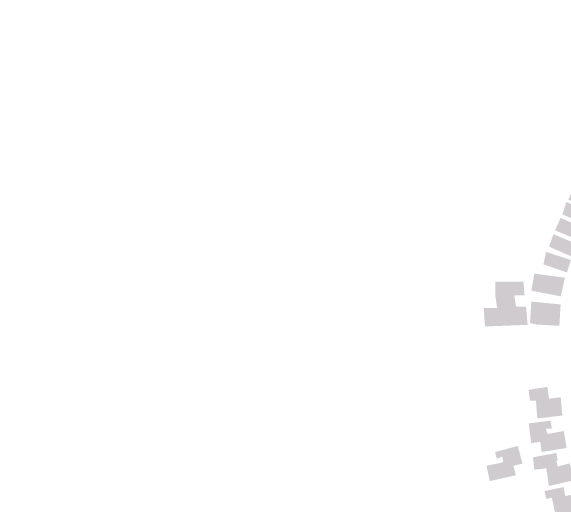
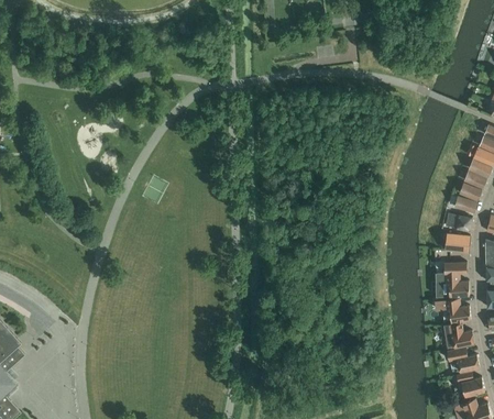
building: [483,281,528,327] -> [436,262,470,296]
building: [486,445,523,482] -> none

